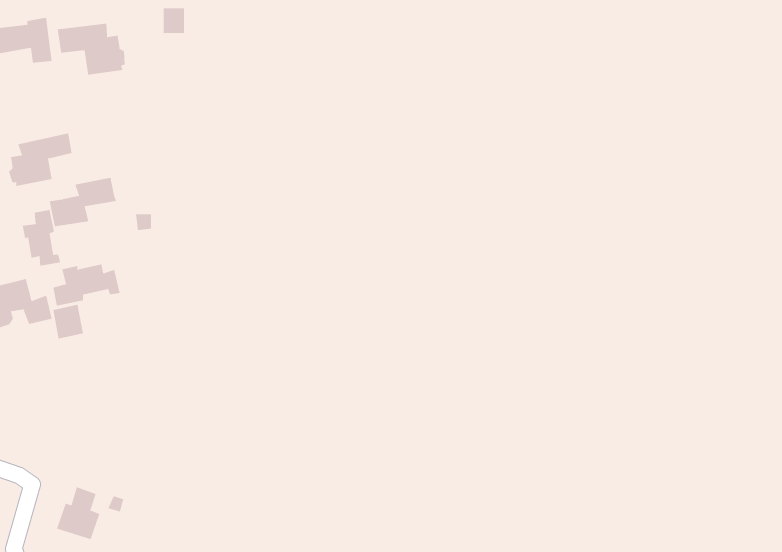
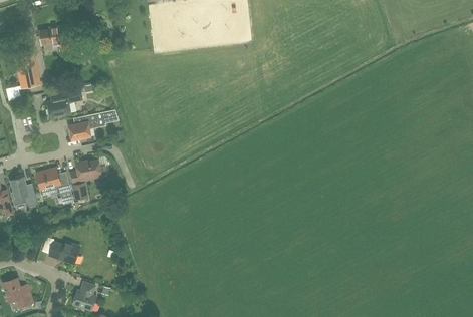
building: [57,23,125,75] -> none
building: [22,209,61,266] -> none
building: none -> [48,241,79,264]

